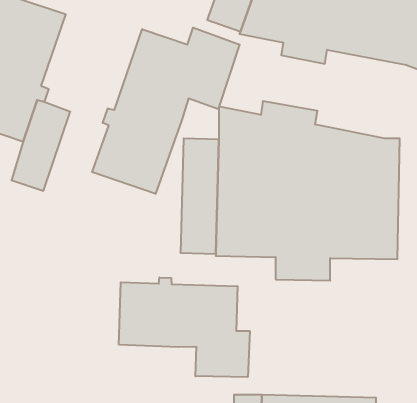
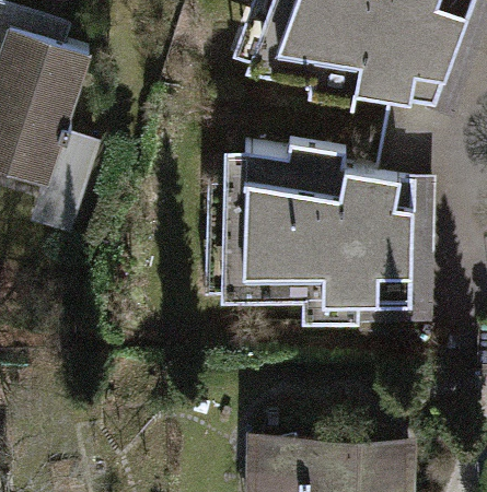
building: [92,28,240,194] -> none
building: [119,277,250,377] -> none

